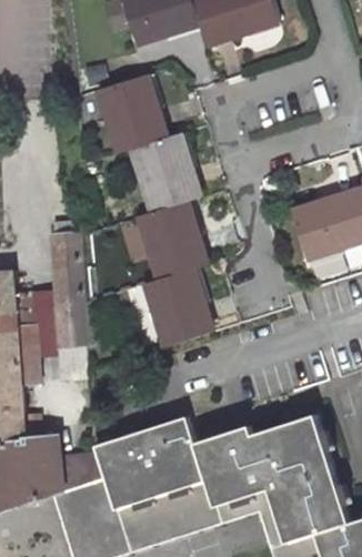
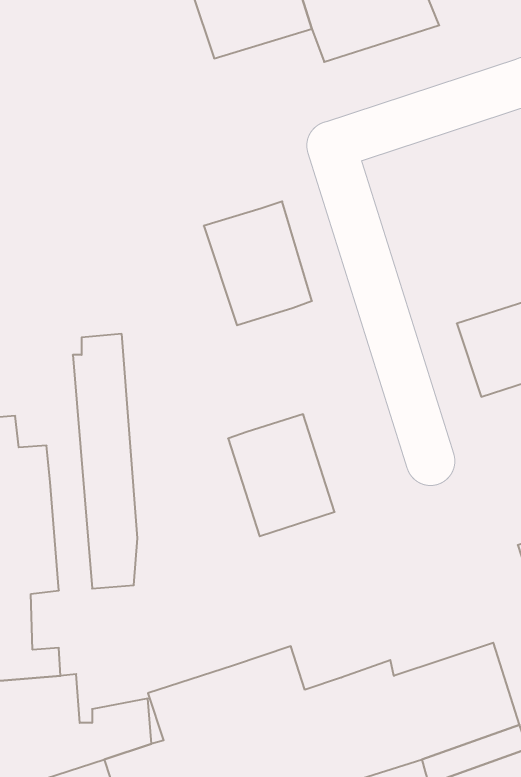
building: [100,73,168,153] -> none
building: [139,202,208,281] -> none

